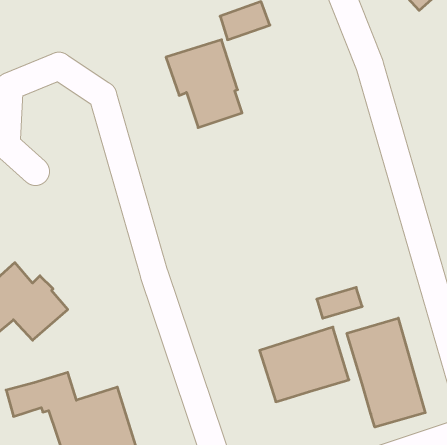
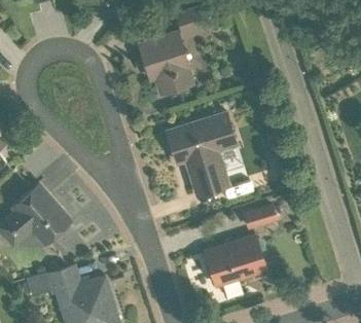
building: none -> [168,113,237,195]
building: [347,318,425,427] -> none

